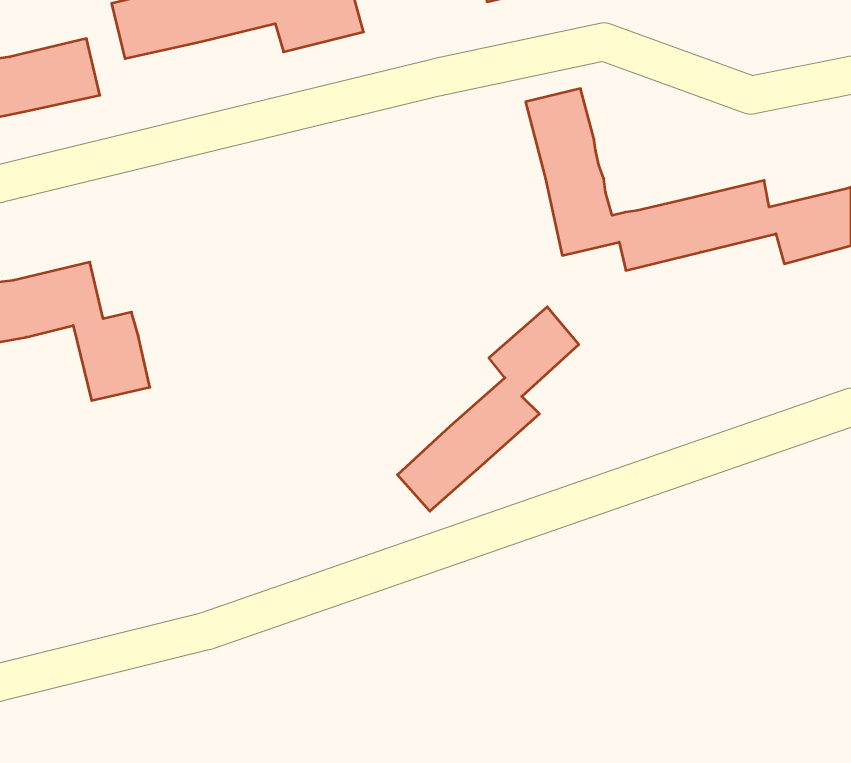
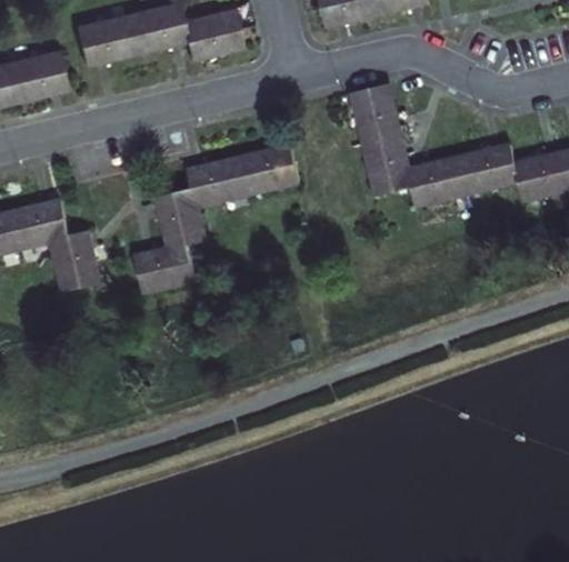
building: none -> [134,144,300,289]
building: [397,307,579,511] -> none

